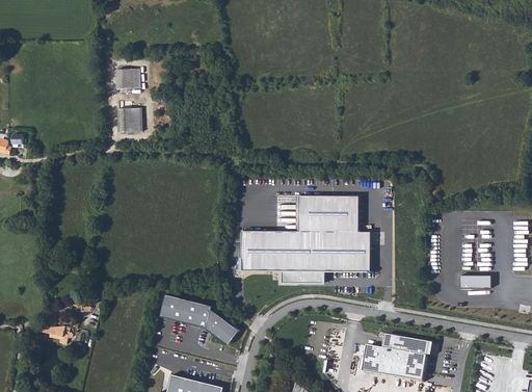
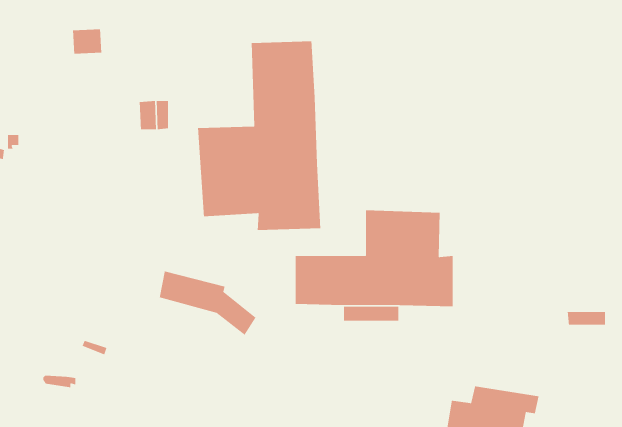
building: none -> [197,40,321,231]
building: [116,68,140,88] -> [72,29,102,55]
building: [159,292,237,344] -> [159,271,257,336]

